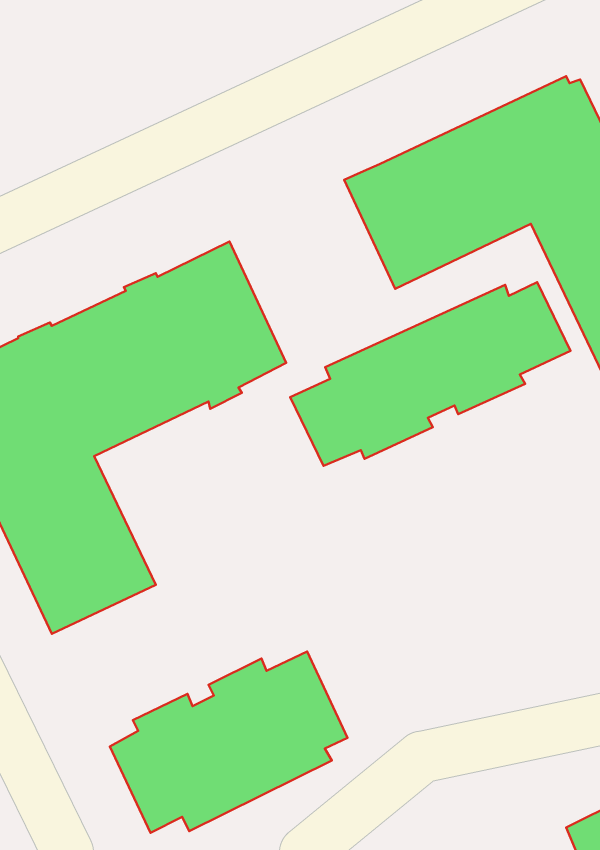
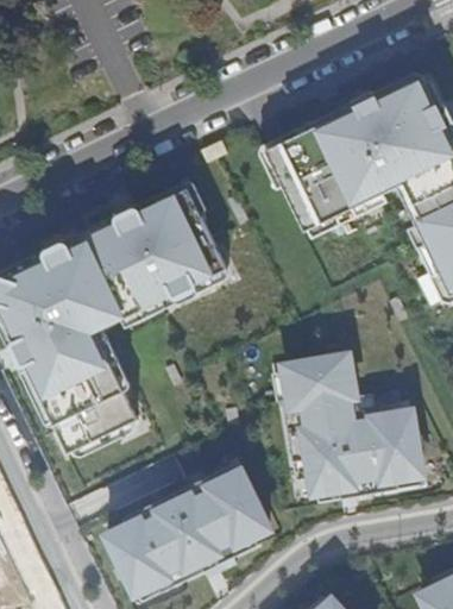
building: [290,282,571,466] -> none
building: none -> [281,356,420,496]

